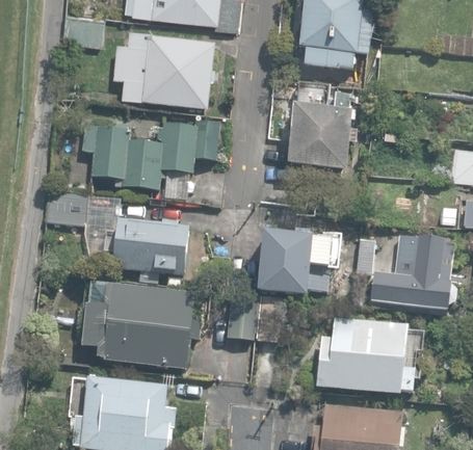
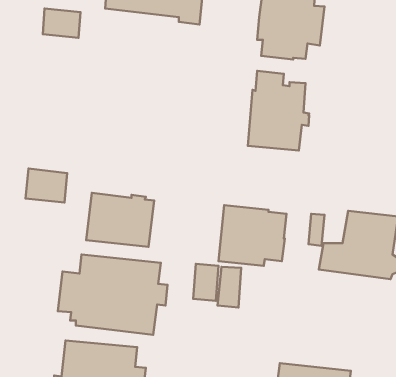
building: [113,33,214,109] -> none
building: [82,120,220,198] -> none
building: [315,317,414,394] -> none

